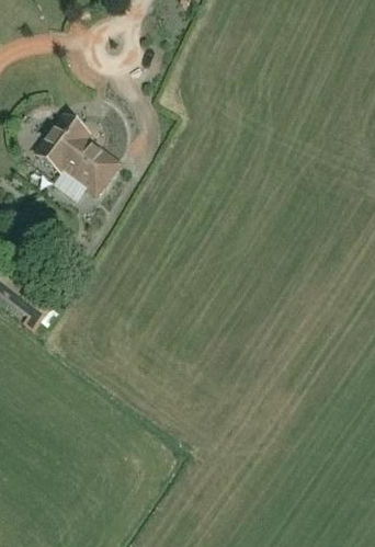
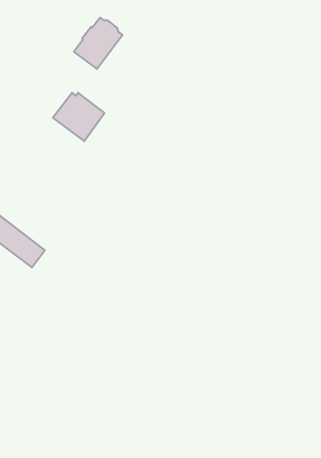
building: [35,115,88,171] -> [74,18,122,69]

